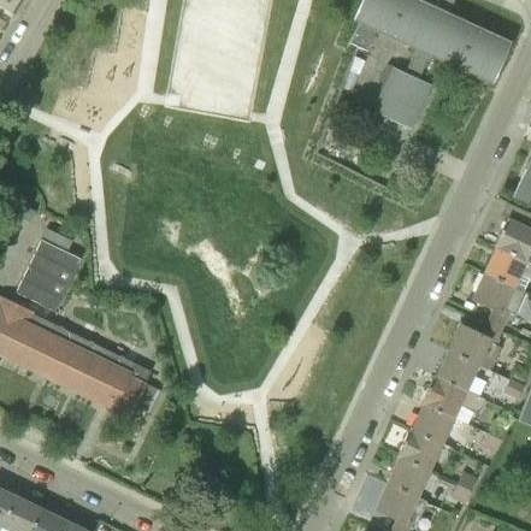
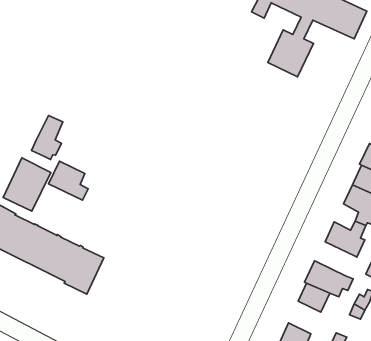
building: none -> [32,115,63,160]
building: none -> [49,161,88,200]
building: [436,350,488,396] -> none
building: [396,429,442,473] -> none

